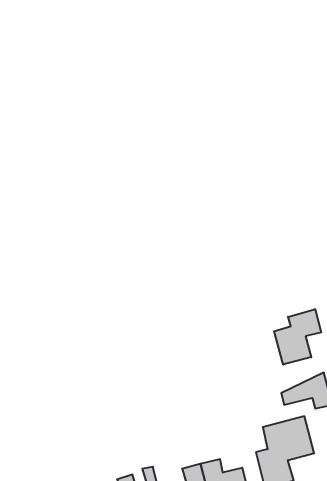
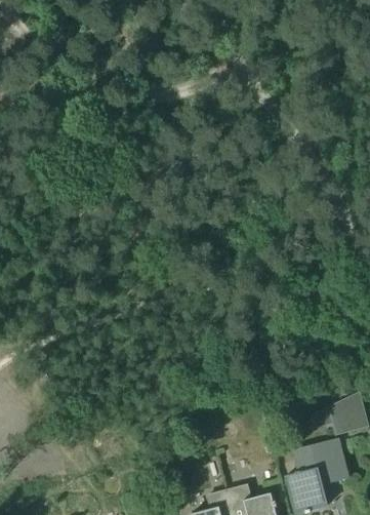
building: [274,309,321,365] -> none

